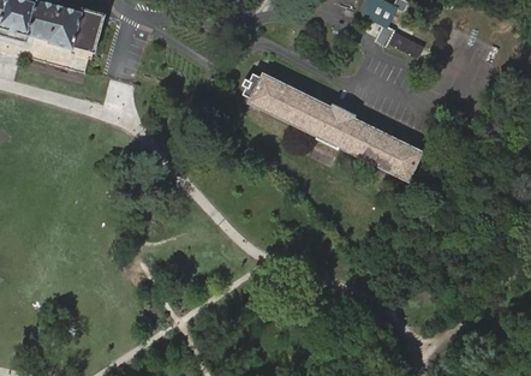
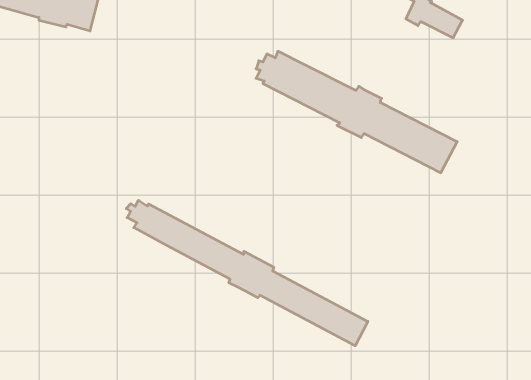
building: none -> [126,200,368,346]

